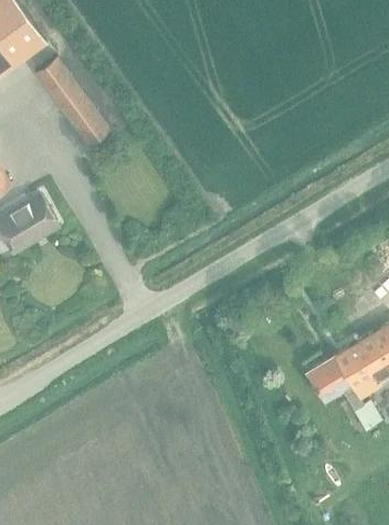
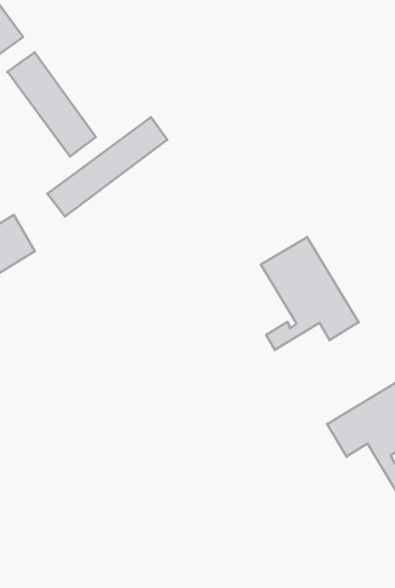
building: none -> [47,117,167,216]
building: none -> [261,237,359,350]

